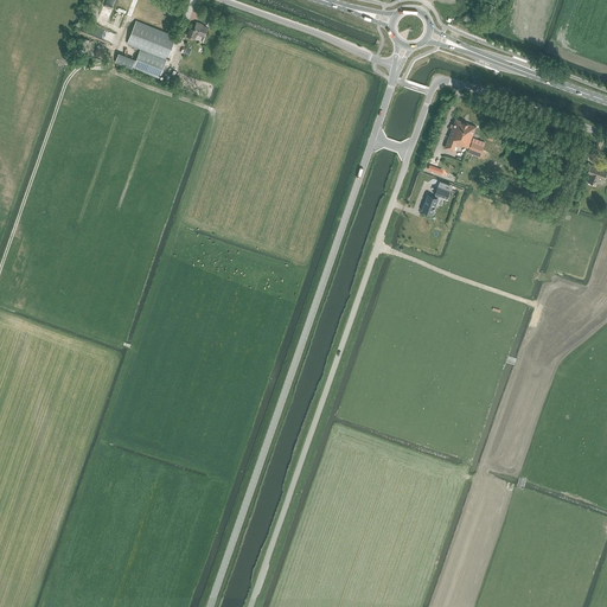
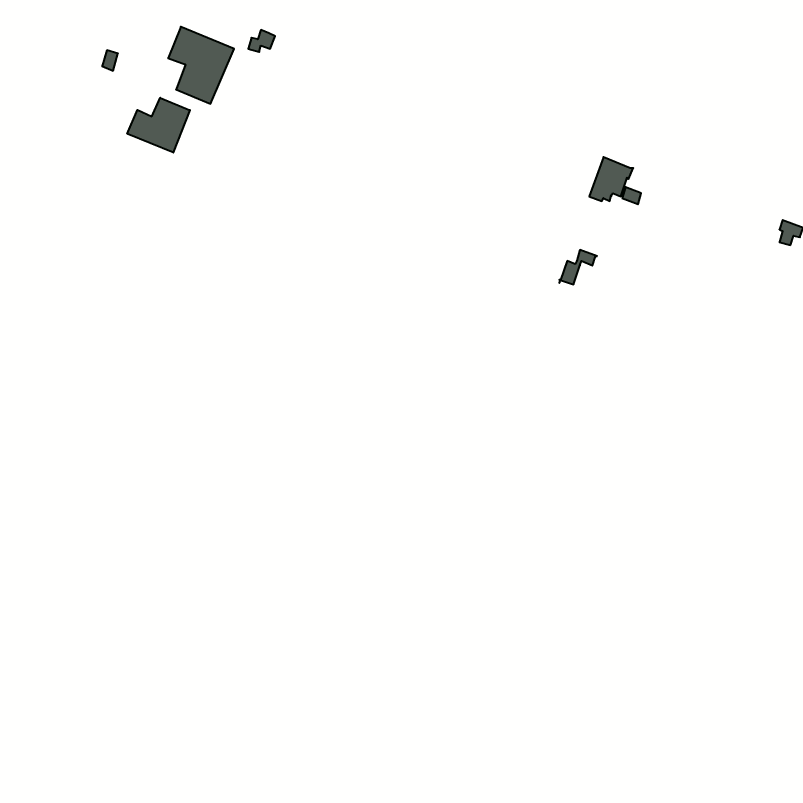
building: none -> [127,98,190,153]

